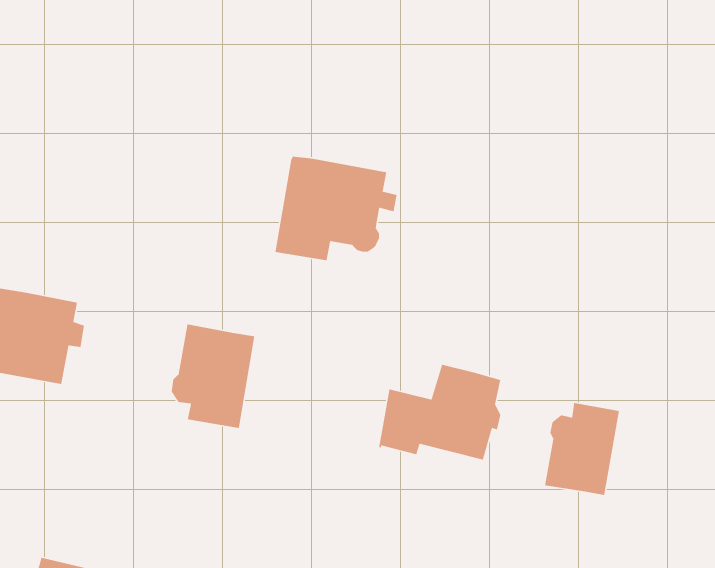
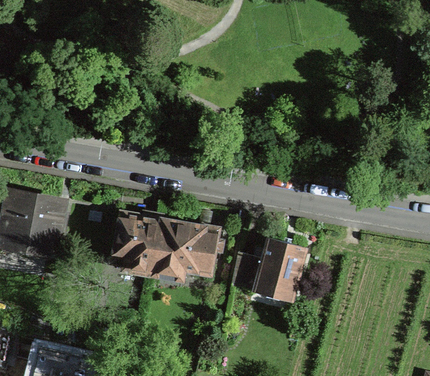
building: [275,156,398,261] -> [152,219,222,279]
building: [544,402,620,496] -> none

